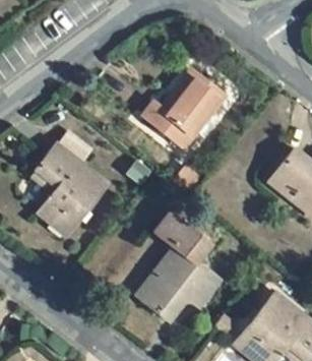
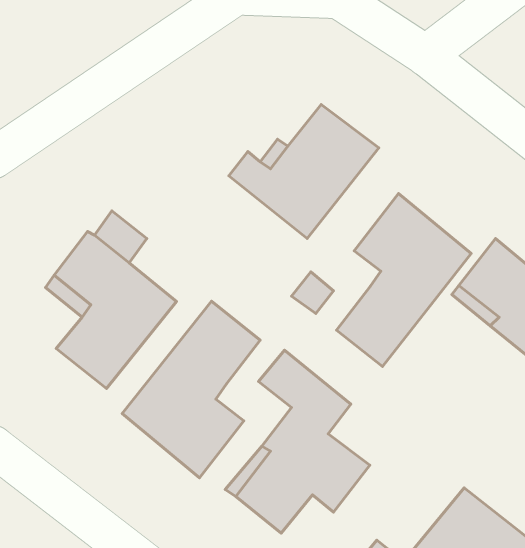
building: none -> [336,193,471,367]
building: none -> [122,301,260,478]

